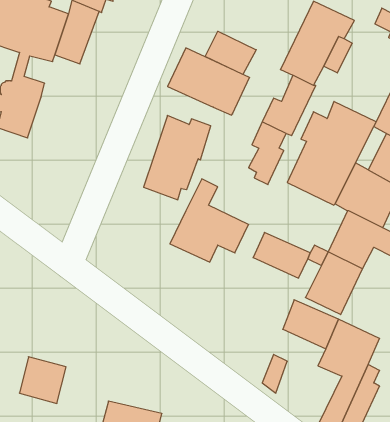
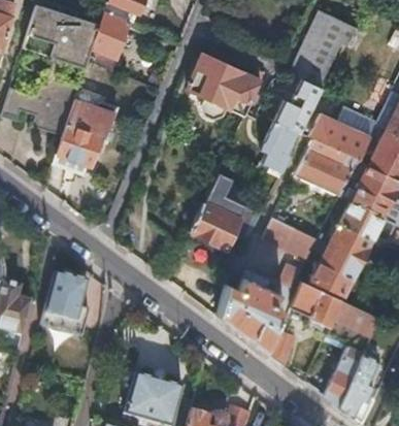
building: [205,31,256,74] -> none
building: [144,115,211,200] -> [53,97,113,173]
building: none -> [220,264,302,351]
building: [19,357,66,403] -> [44,271,87,314]

